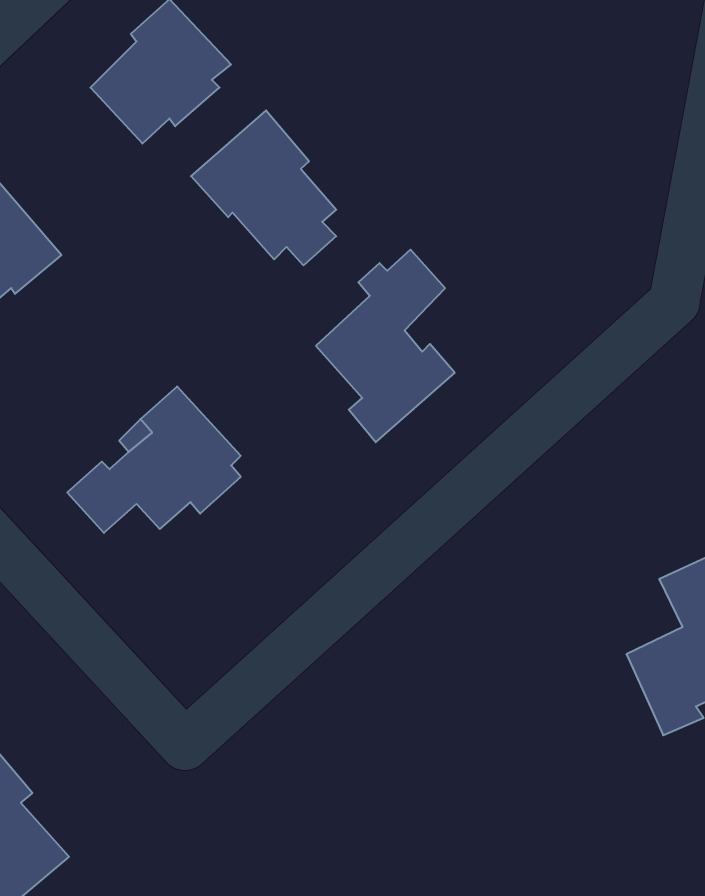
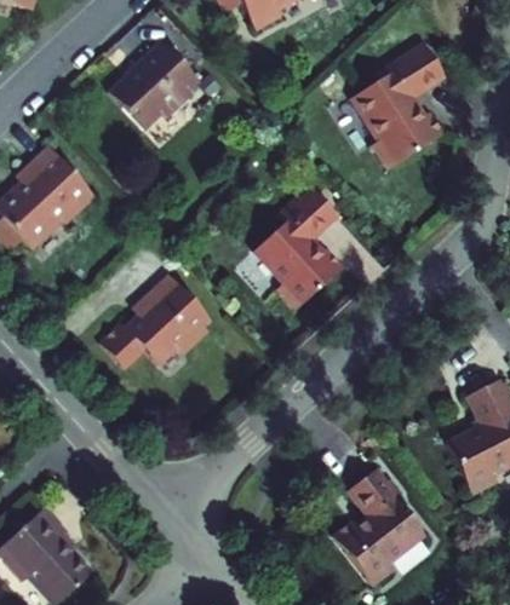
building: none -> [350,41,443,169]
building: [191,110,336,265] -> none
building: none -> [333,472,422,589]

